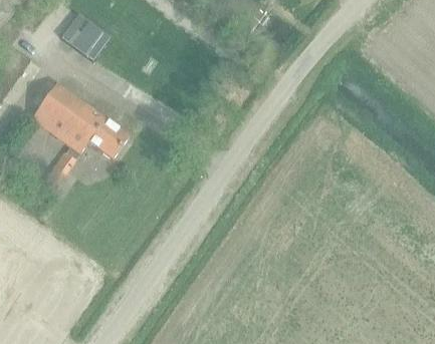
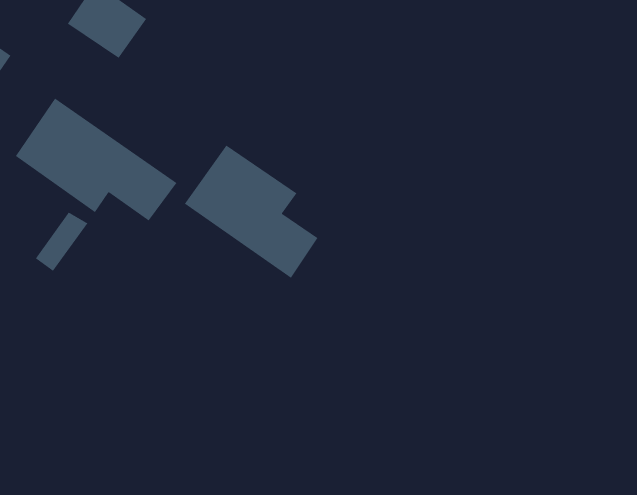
building: none -> [184,144,318,279]

